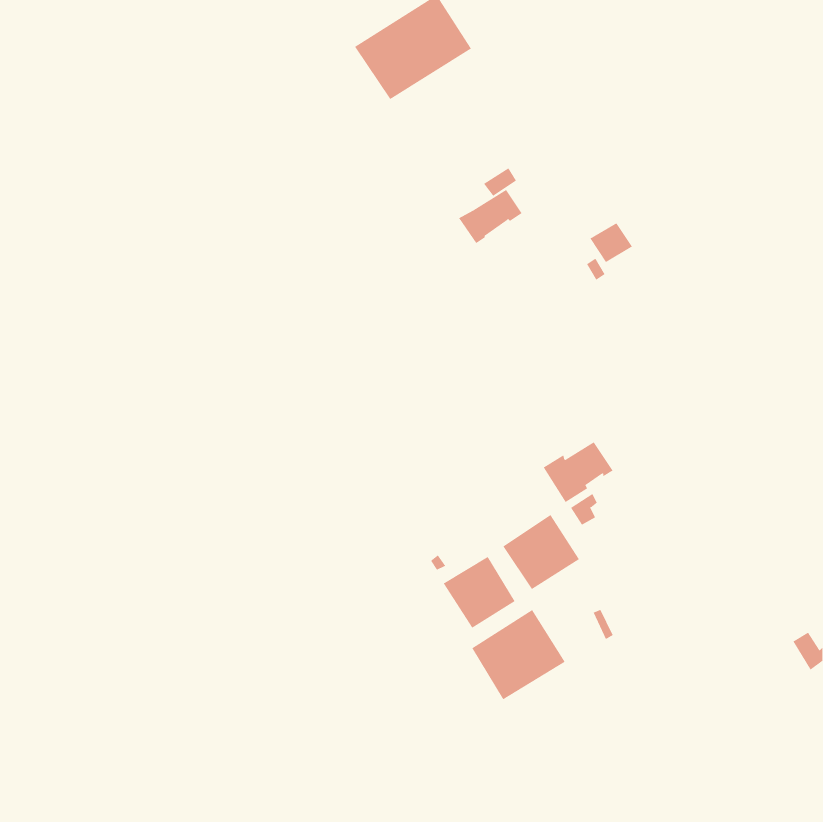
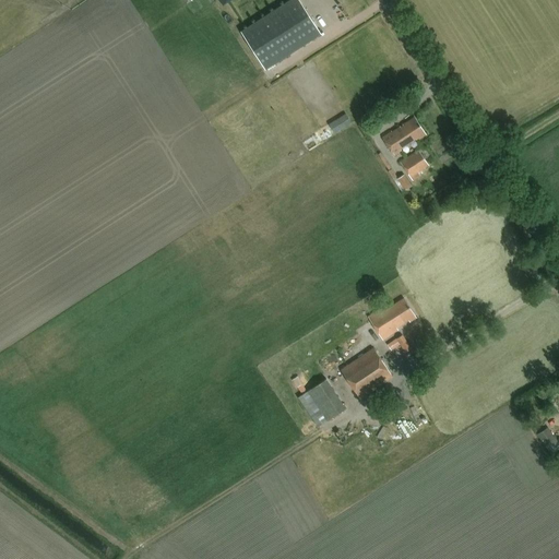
building: [458,189,523,244] -> [382,118,426,155]
building: [471,609,565,700] -> none

